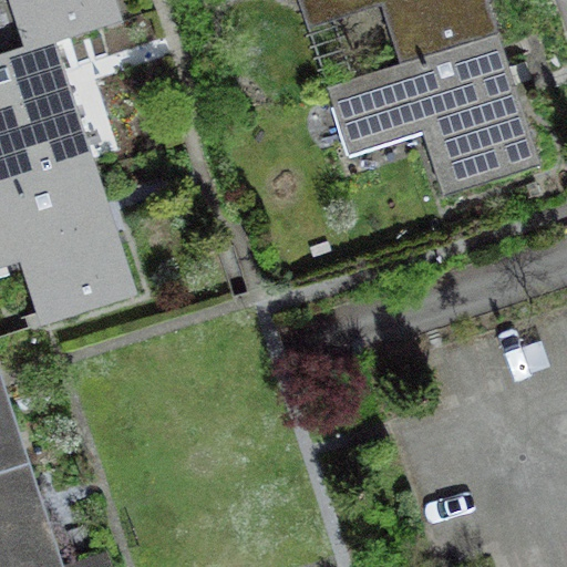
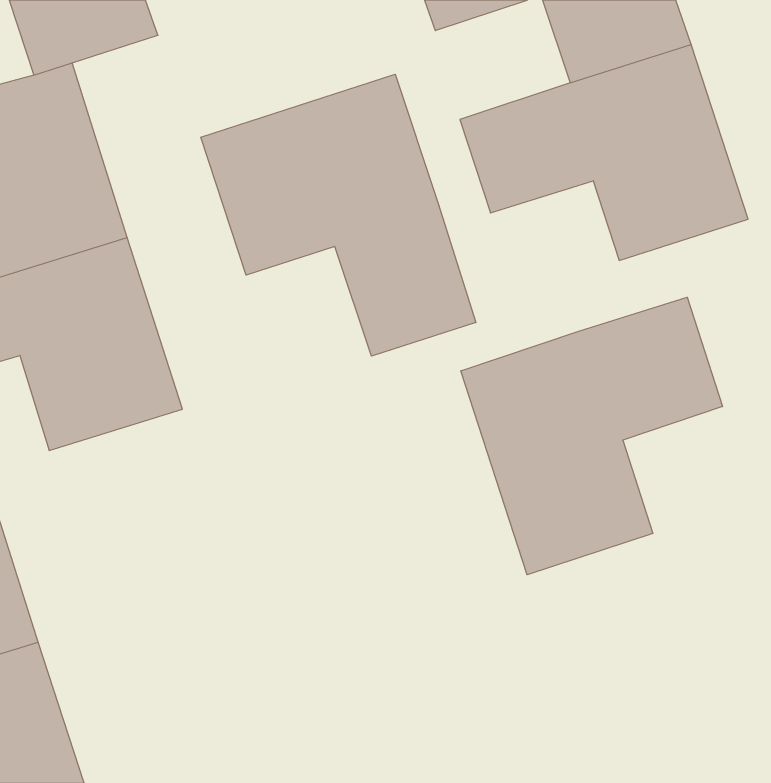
building: none -> [201,74,476,356]
building: none -> [461,297,722,575]

